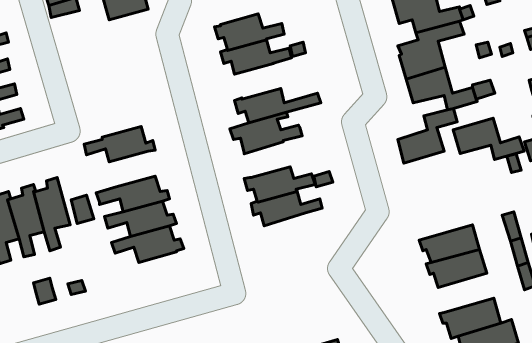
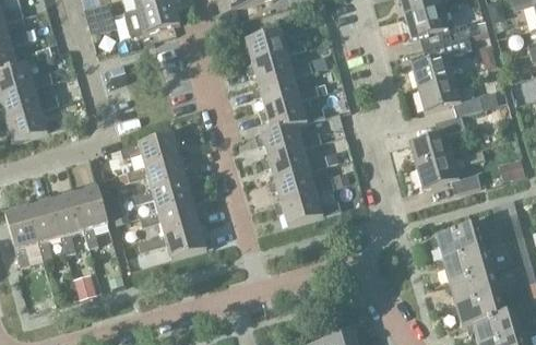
building: none -> [253,75,325,108]
building: [453,118,524,159] -> [416,156,481,194]
building: none -> [262,147,337,180]
building: none -> [127,156,193,189]
building: none -> [443,269,499,305]

